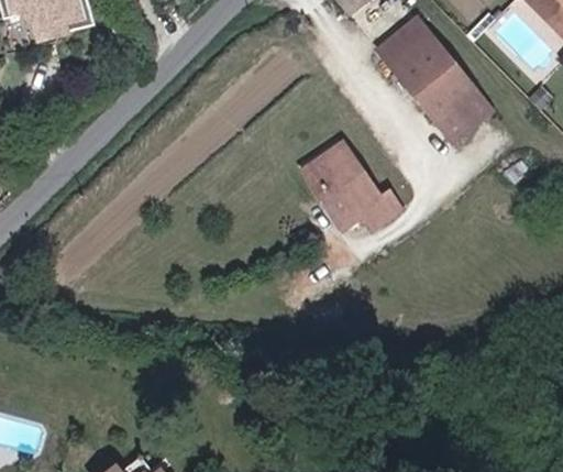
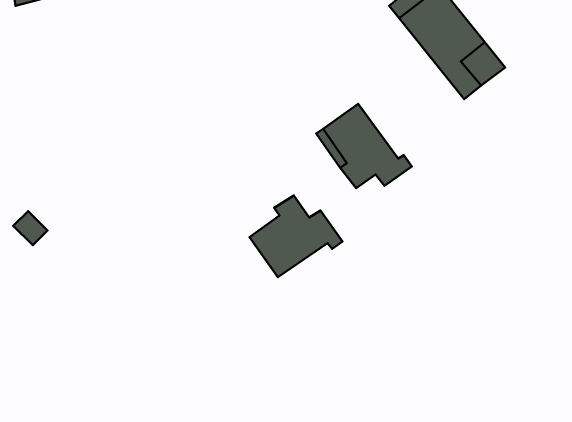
building: none -> [249,196,342,277]

